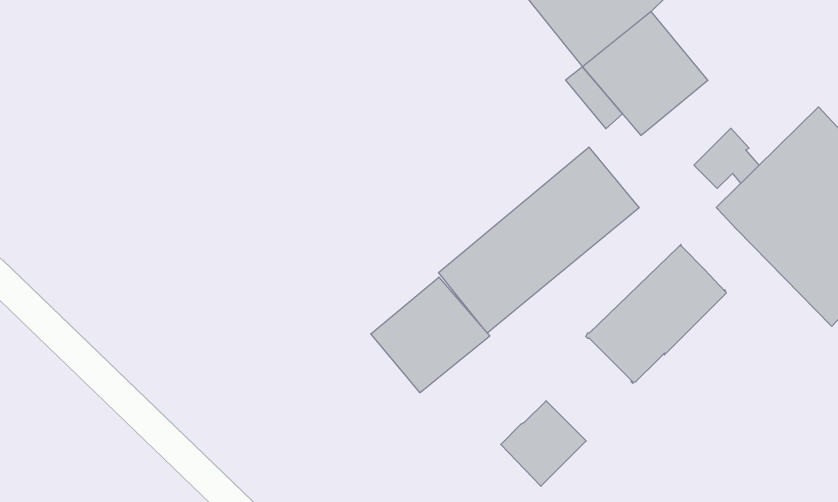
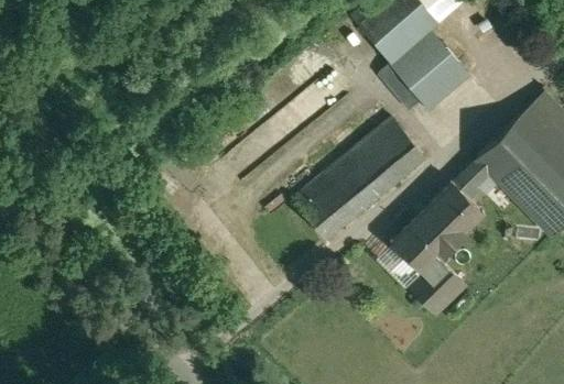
building: [694,128,759,188] -> [454,160,497,199]
building: [371,277,490,393] -> none
building: [501,401,586,486] -> [409,259,465,315]

